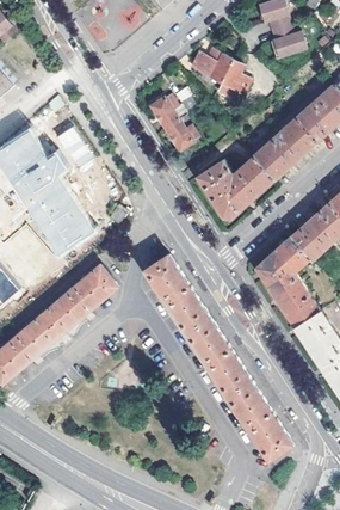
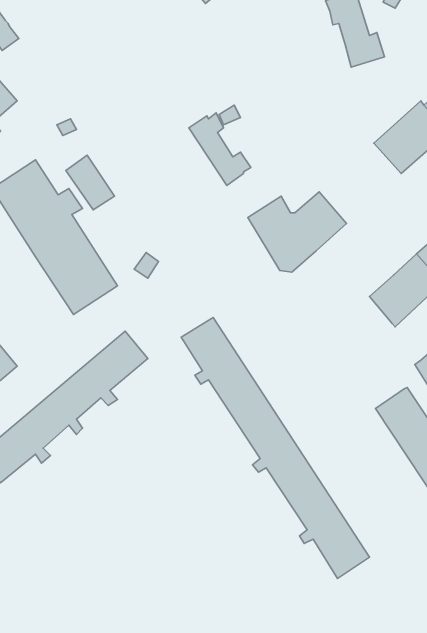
building: [192,48,249,92] -> none
building: [253,116,317,179] -> none
building: [258,236,320,325] -> none

